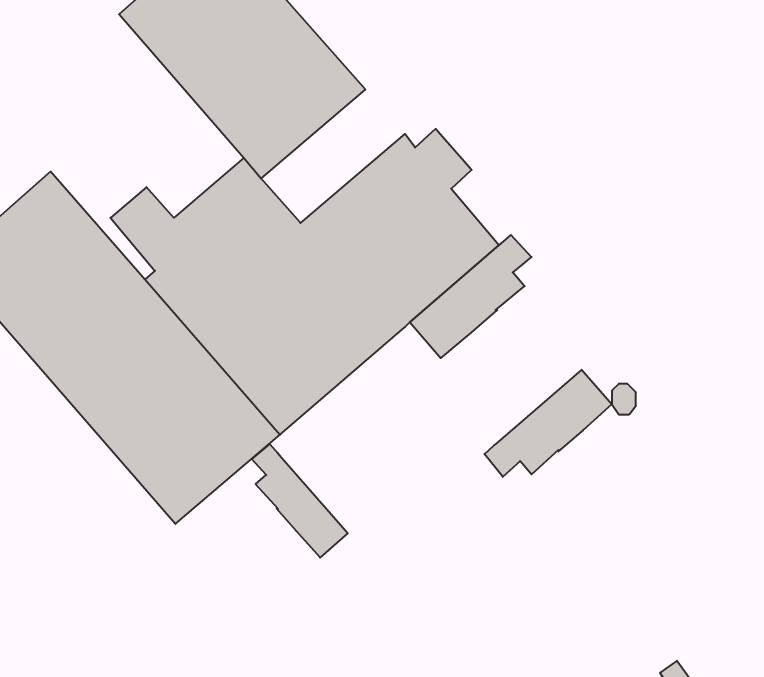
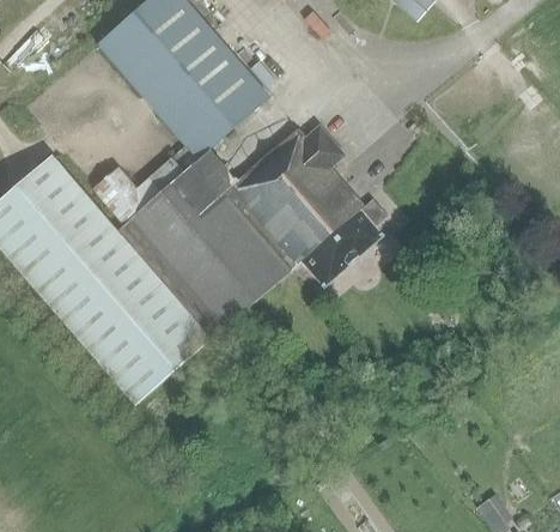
building: [484,370,612,477] -> none
building: [252,444,348,558] -> none

